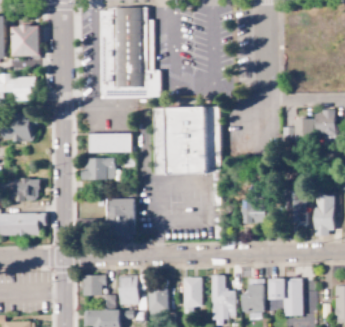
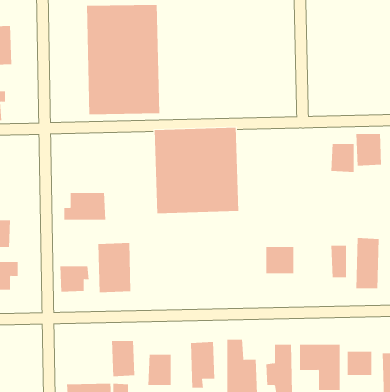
building: [89,133,132,153] -> none
building: [83,275,107,296] -> [59,266,89,292]
building: none -> [347,351,372,376]

